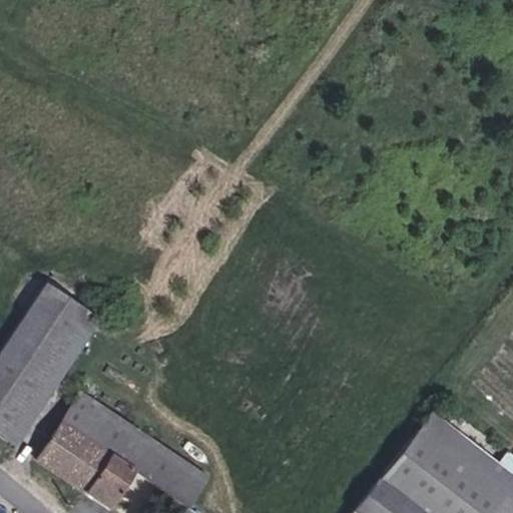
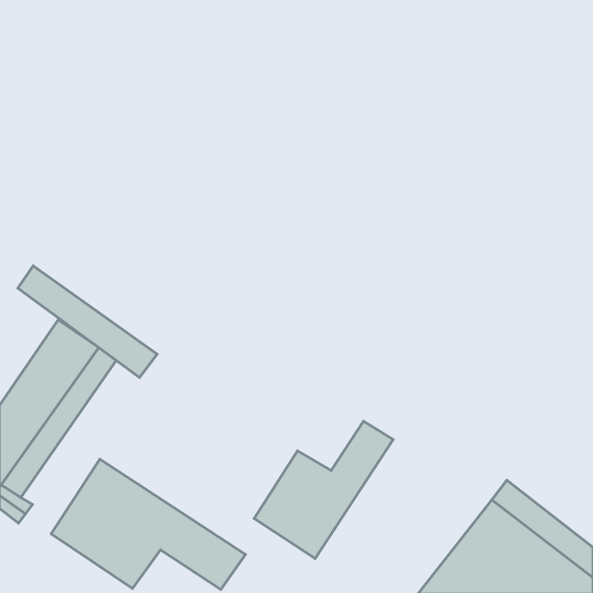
building: none -> [18,266,157,378]
building: none -> [254,421,393,558]

